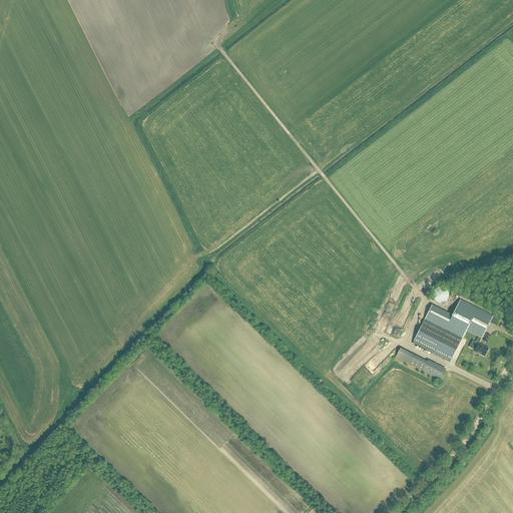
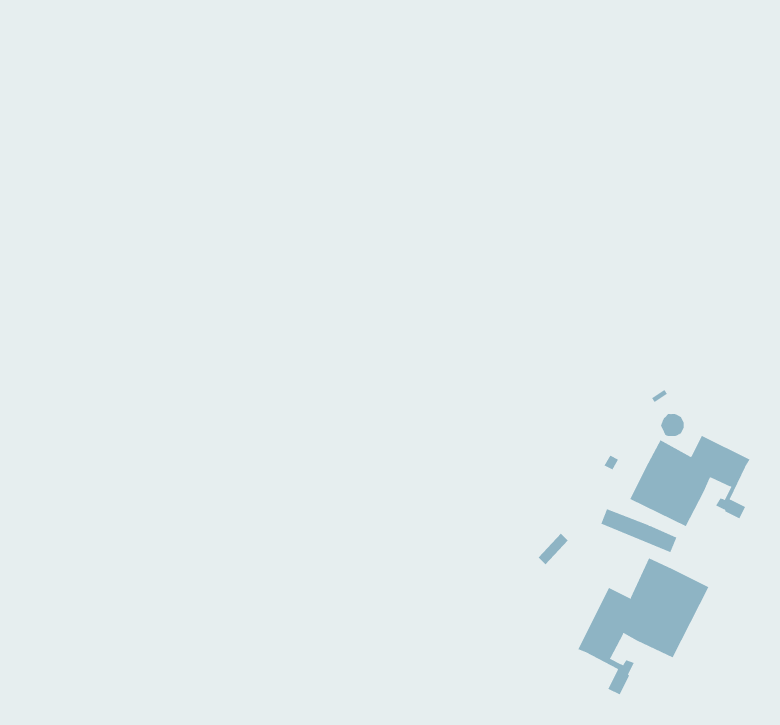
building: none -> [578,558,709,695]

